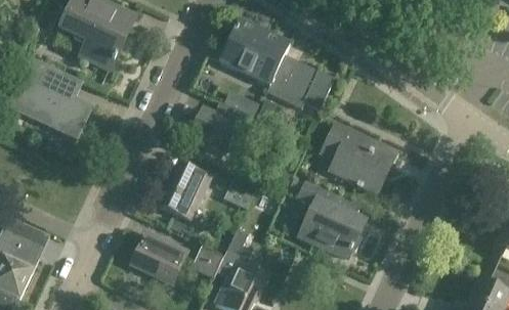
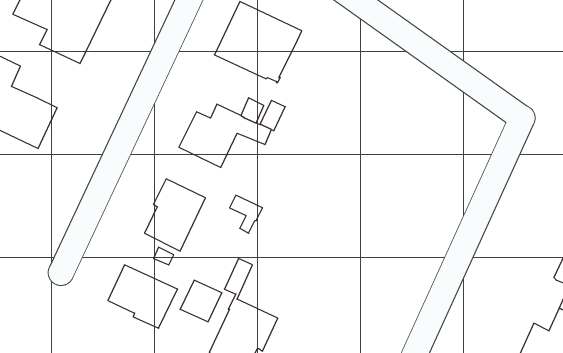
building: [265,53,333,107] -> none
building: [322,122,397,191] -> none
building: [289,174,365,256] -> none

